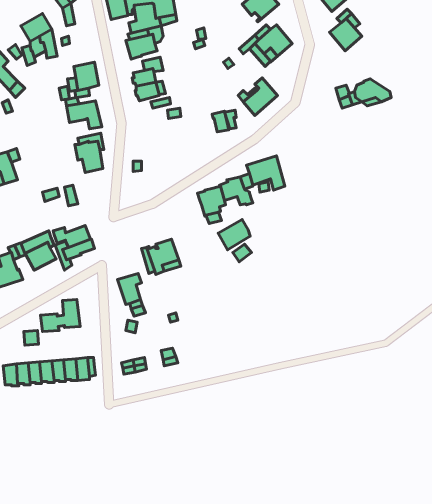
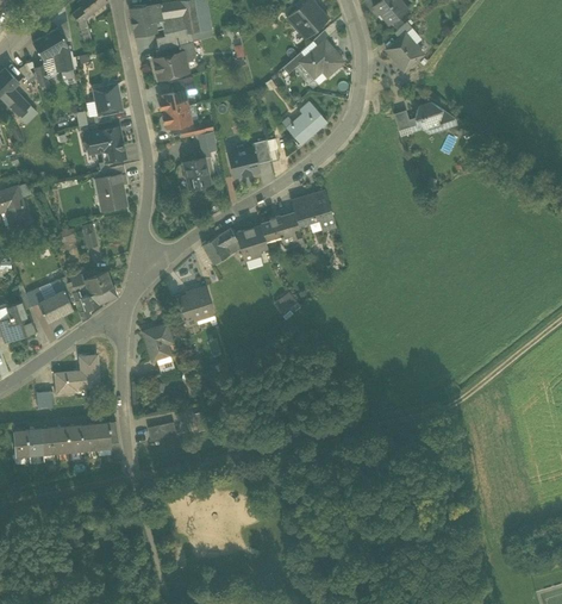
building: none -> [229,148,258,176]
building: none -> [183,157,208,188]
building: [218,220,250,250] -> [202,229,239,263]

